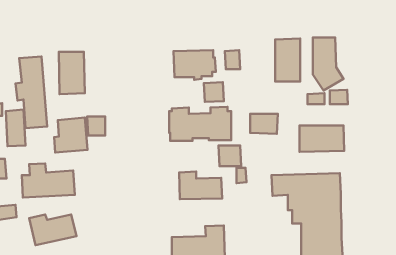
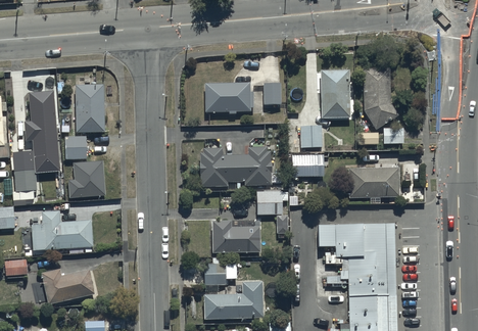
building: [204,82,224,102] -> [299,126,322,148]
building: [87,116,105,135] -> [65,137,86,158]
building: none -> [204,264,226,284]

